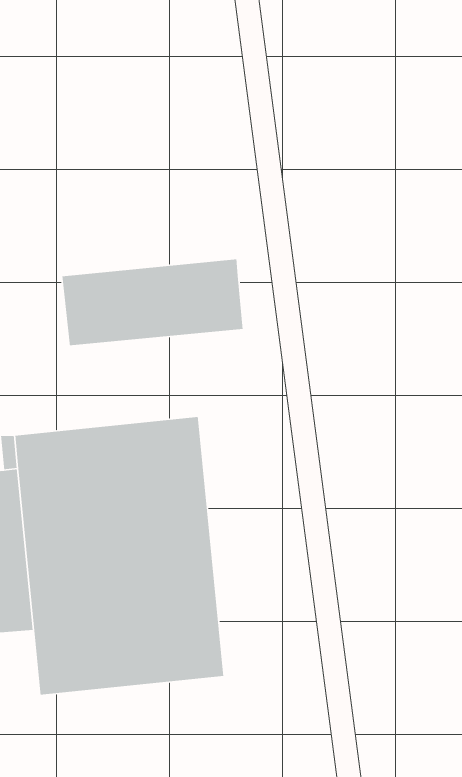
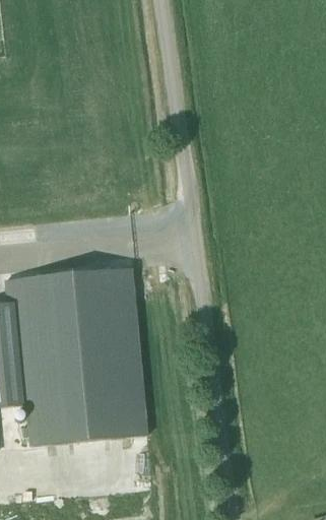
building: [61,259,243,346] -> none

